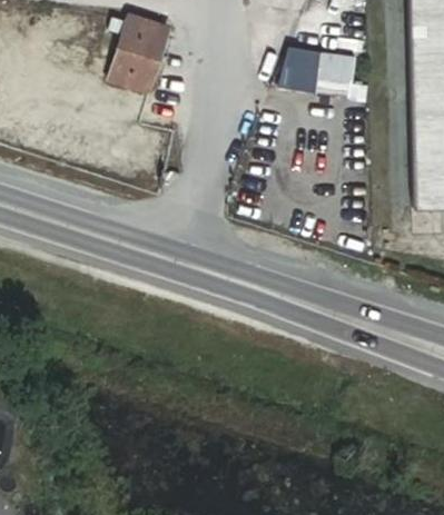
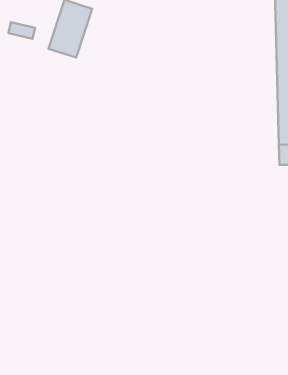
building: [283,44,358,97] -> none

